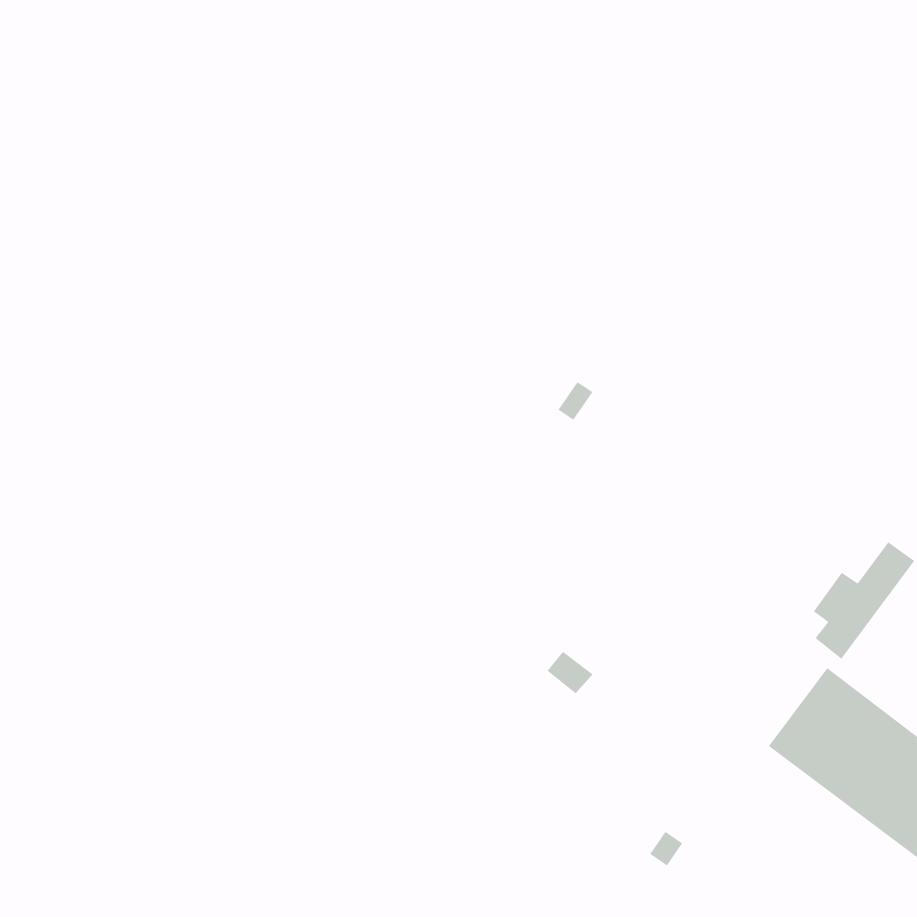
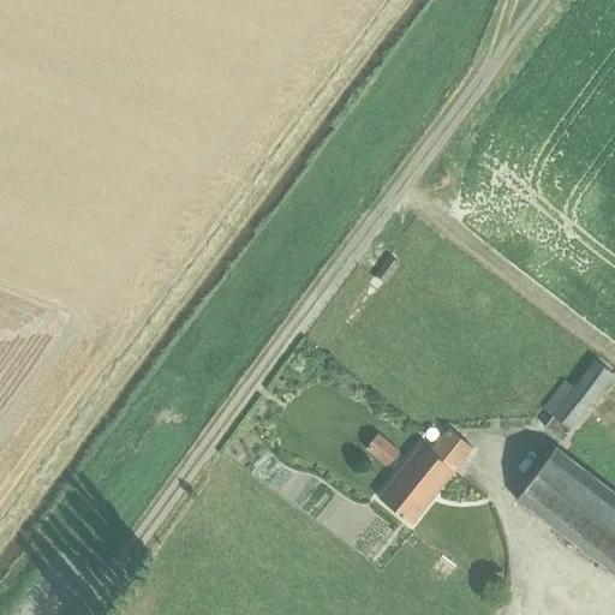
building: none -> [380,429,472,521]

